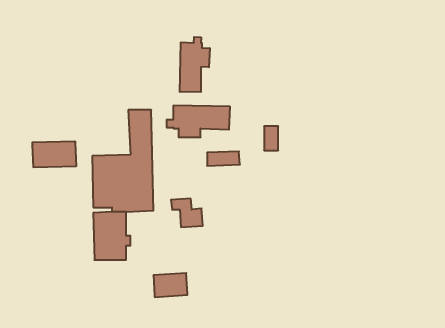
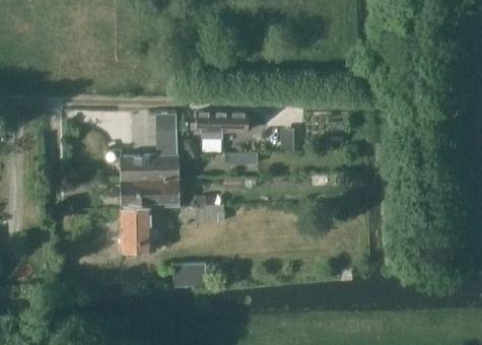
building: [180,37,210,92] -> none
building: [32,141,76,167] -> none

